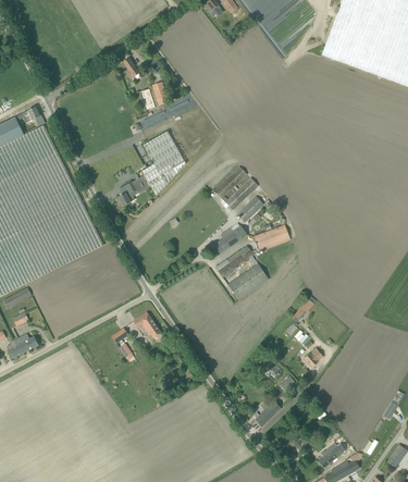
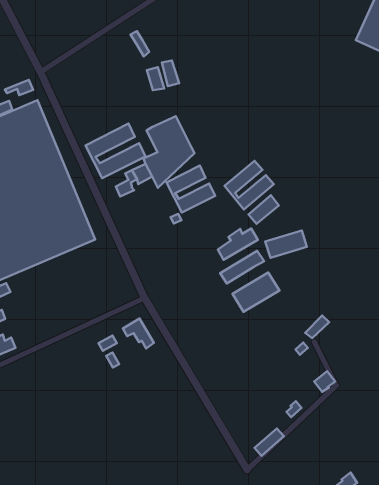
building: none -> [85,124,146,178]
building: none -> [166,166,215,213]

